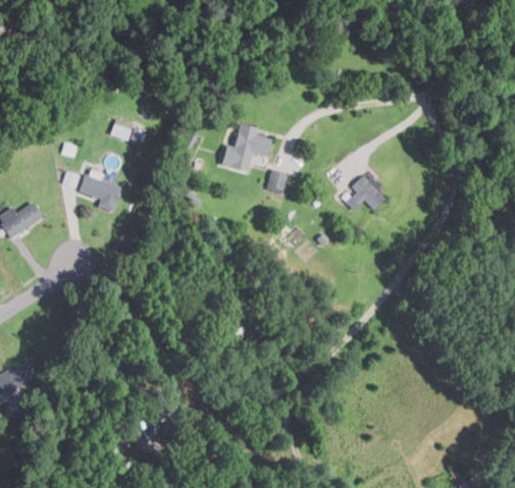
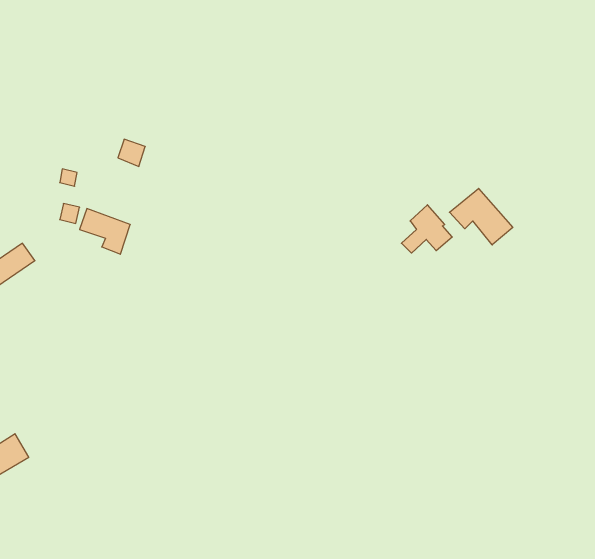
building: [221,123,271,171] -> none
building: none -> [449,188,513,245]
building: [265,169,288,194] -> none

